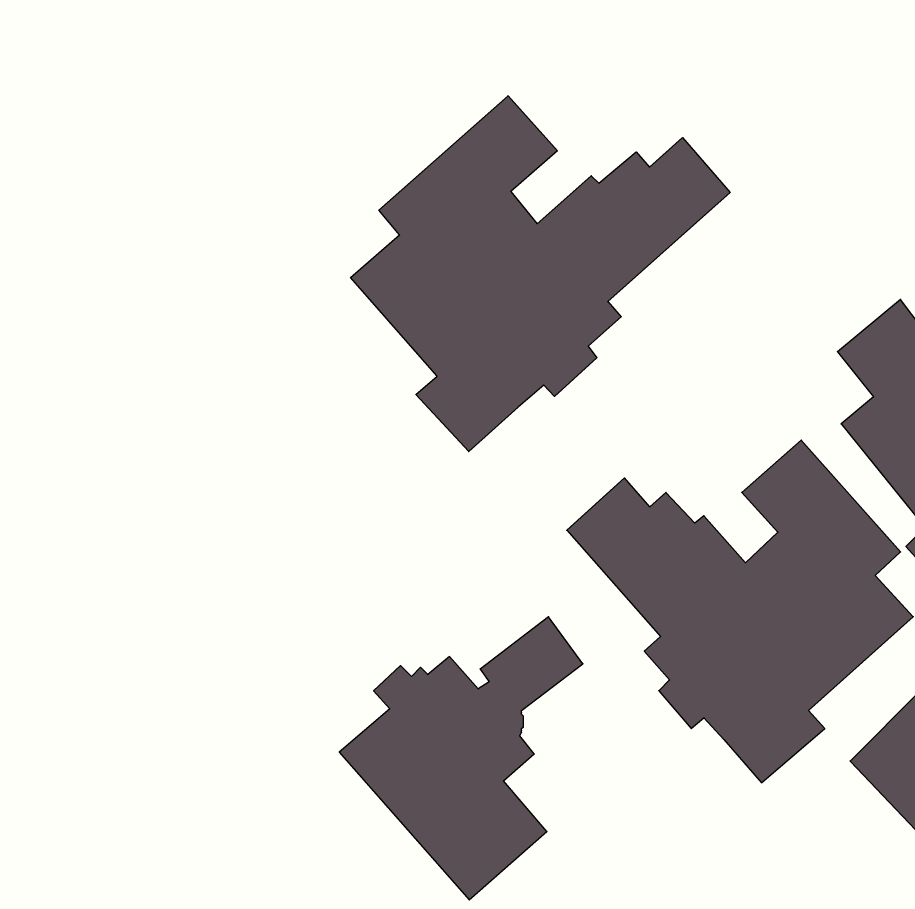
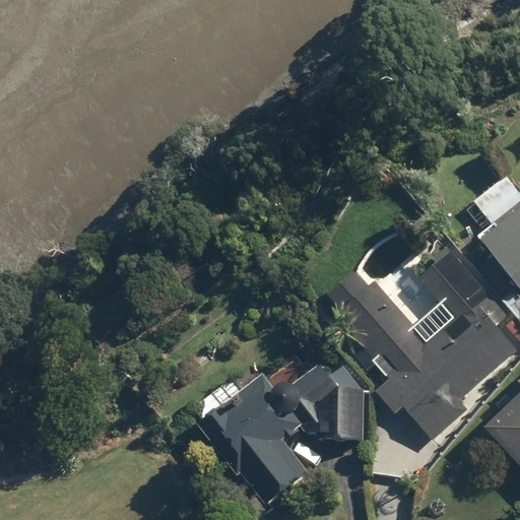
building: [351,96,730,452] -> none
building: none -> [330,388,367,440]

